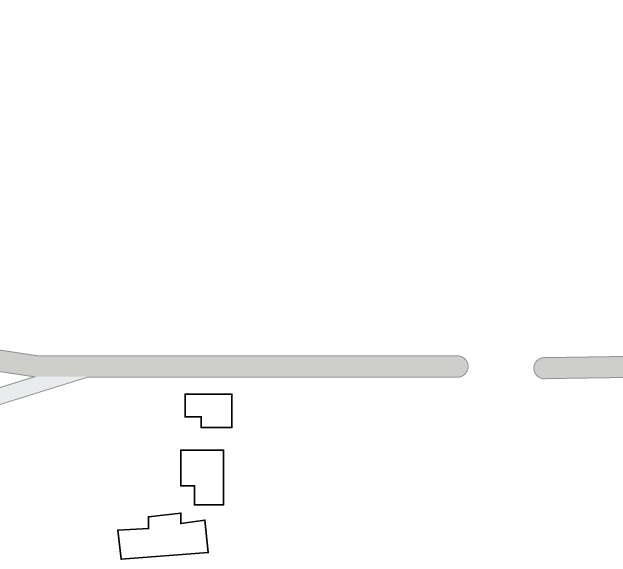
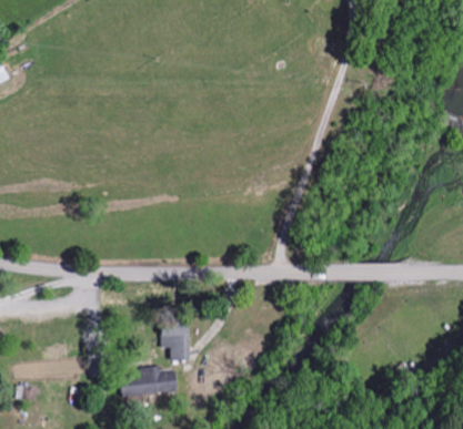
building: [185,394,232,427] -> none

